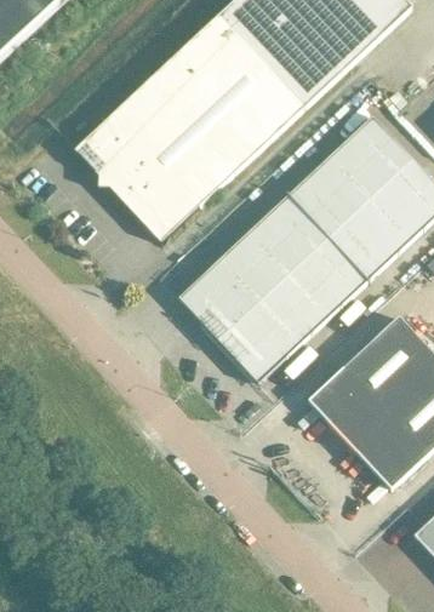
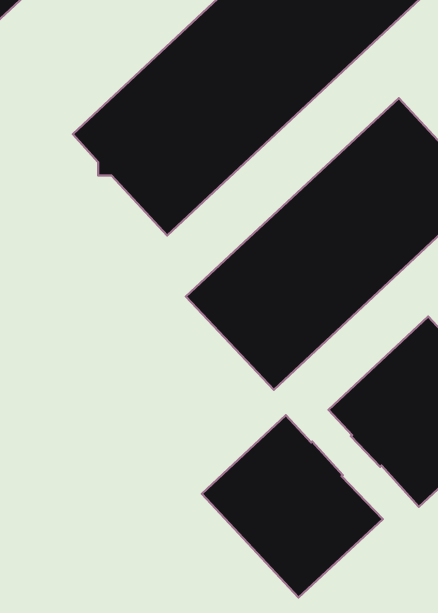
building: none -> [202,415,383,597]

